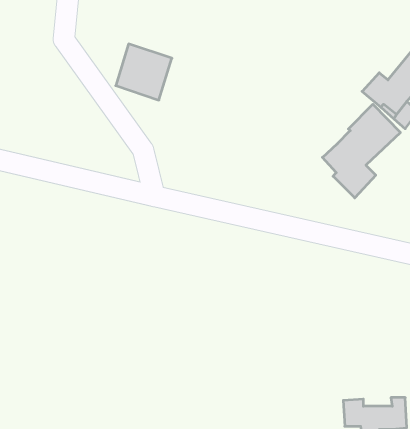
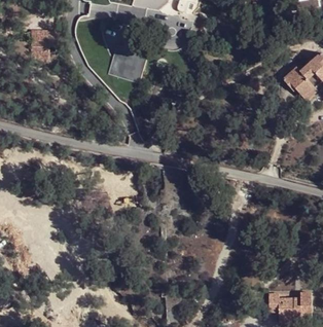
building: [322,104,400,198] -> none

